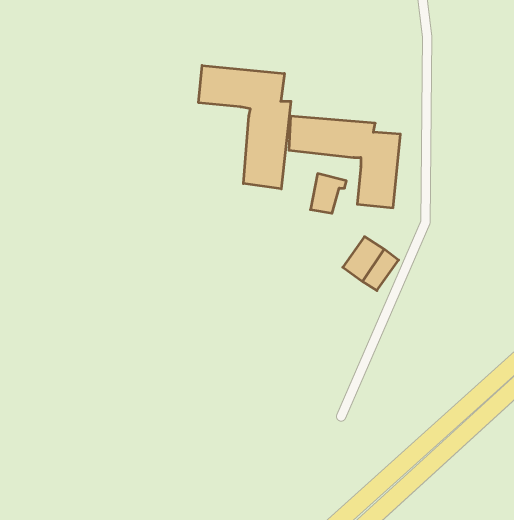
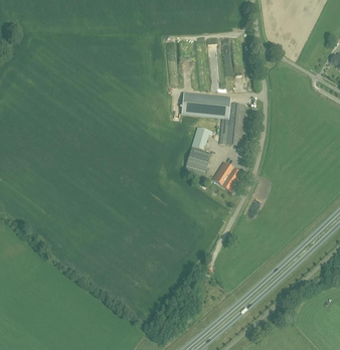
building: [199,65,291,189] -> none
building: none -> [184,145,210,172]

